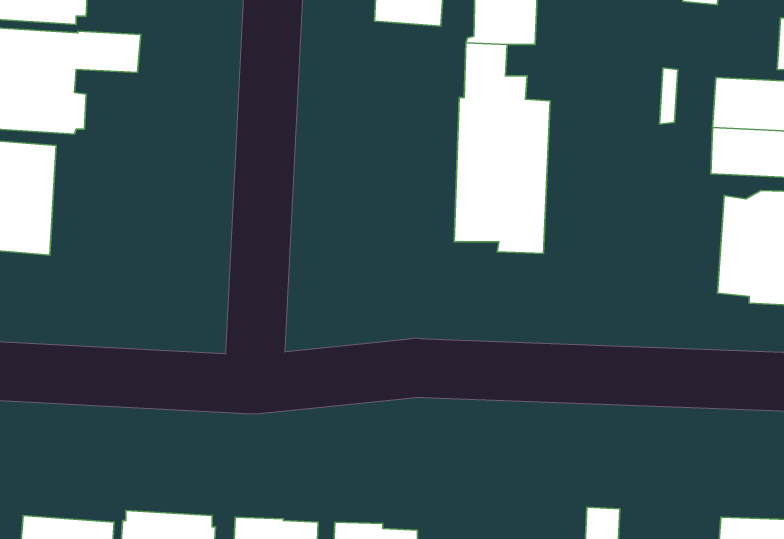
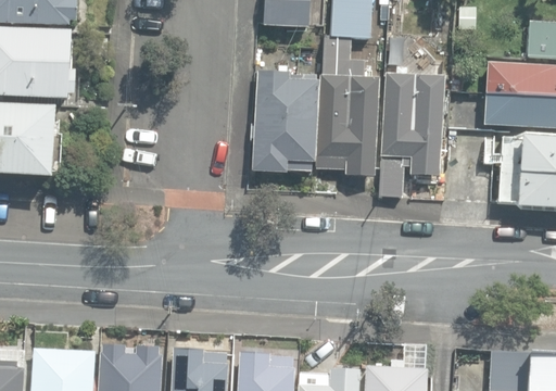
building: none -> [253,70,317,173]
building: none -> [380,73,444,198]

